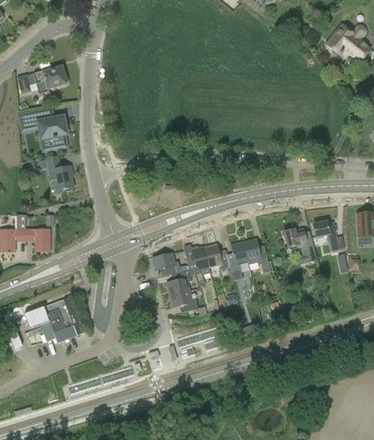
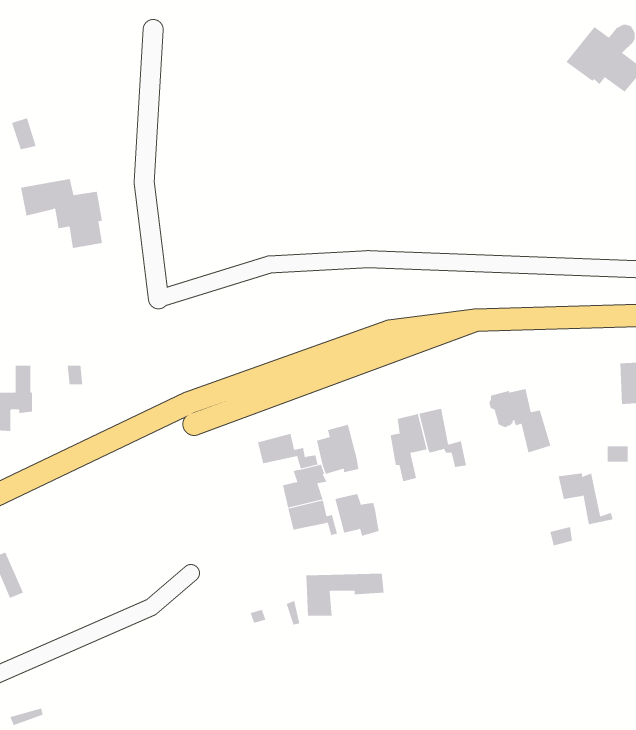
building: [33,66,68,95] -> none
building: [45,155,74,192] -> none
building: [313,222,344,251] -> [558,473,613,525]
building: [26,230,49,251] -> none
building: [204,245,229,269] -> [335,494,379,537]
building: [25,297,85,343] -> none

